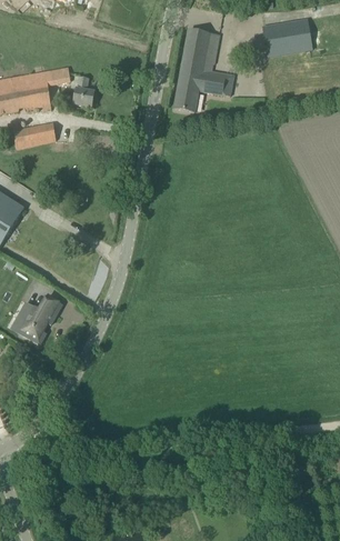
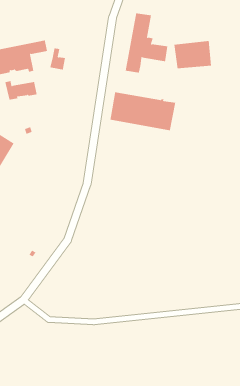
building: [263,20,316,59] -> [173,40,212,69]
building: none -> [110,92,176,131]
building: [21,294,62,343] -> none

